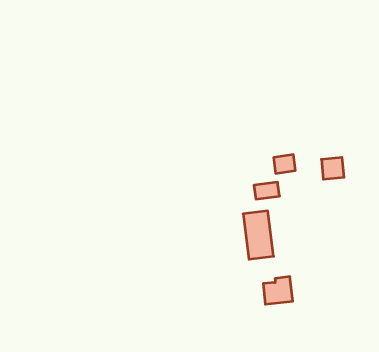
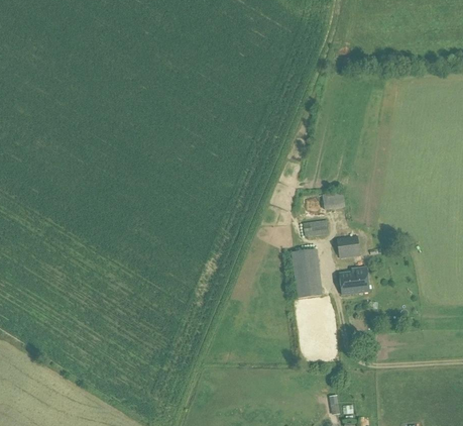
building: [321,157,344,179] -> [336,235,359,257]
building: [263,277,293,304] -> [339,265,369,294]

